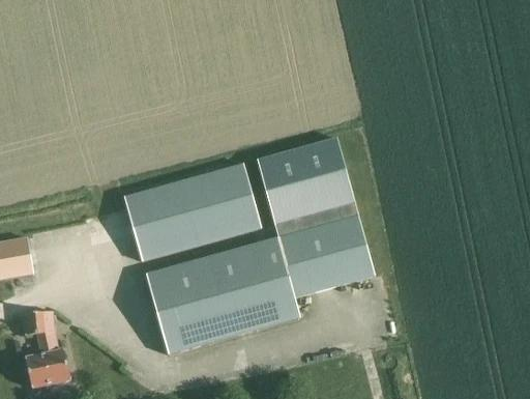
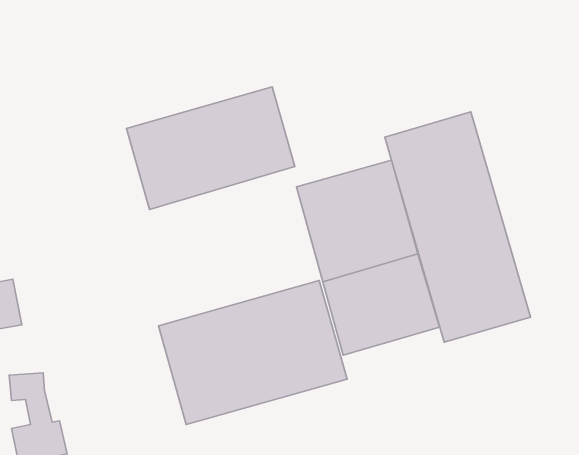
building: none -> [385,112,530,342]
building: [123,162,261,262] -> [127,87,295,209]

